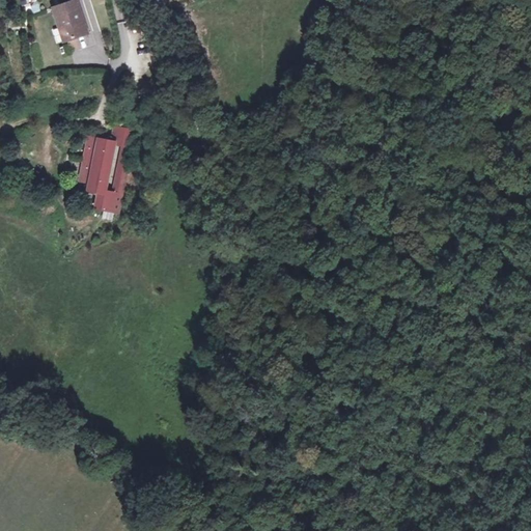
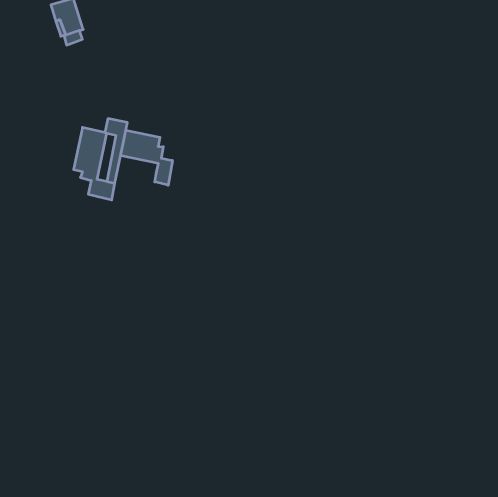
building: none -> [121,130,172,185]

